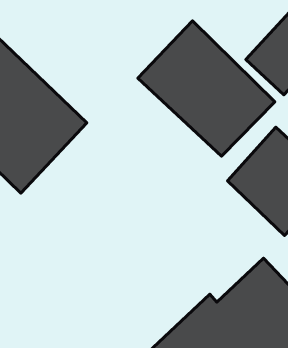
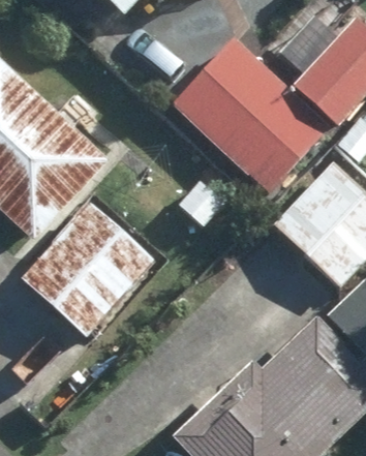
building: none -> [21,201,156,338]

